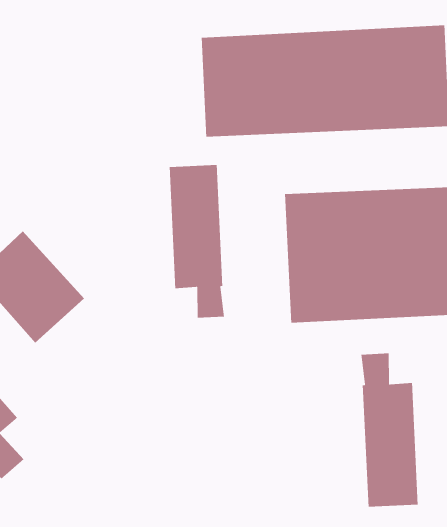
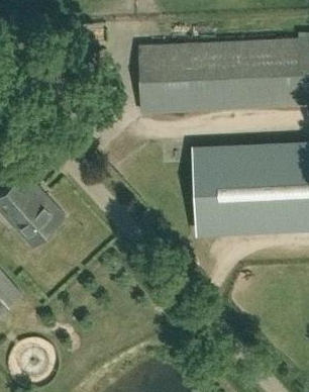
building: [169,164,225,319] -> none
building: [360,353,419,508] -> none

